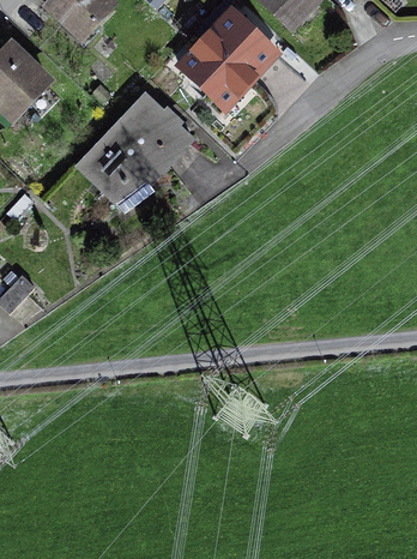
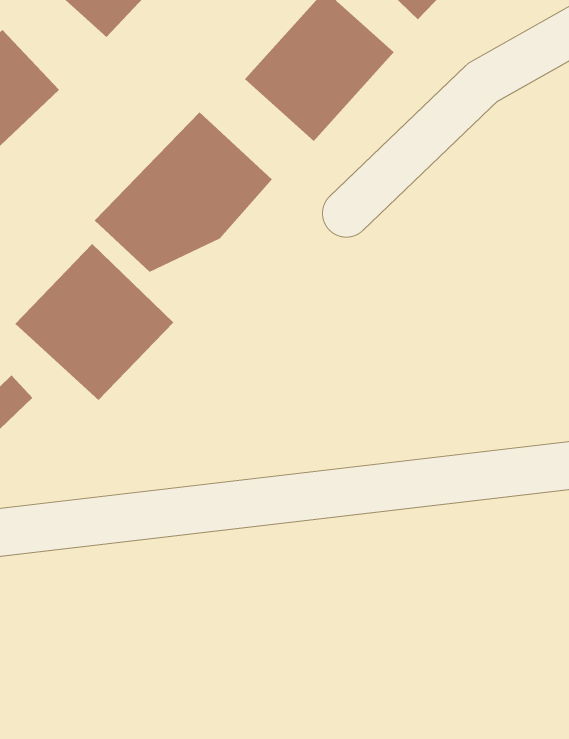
building: none -> [15,243,174,401]

